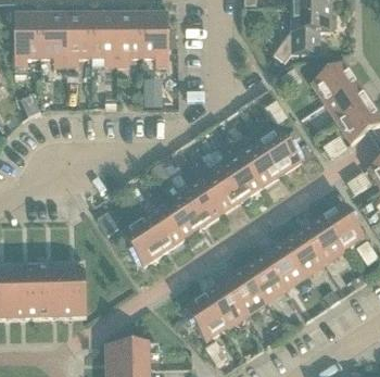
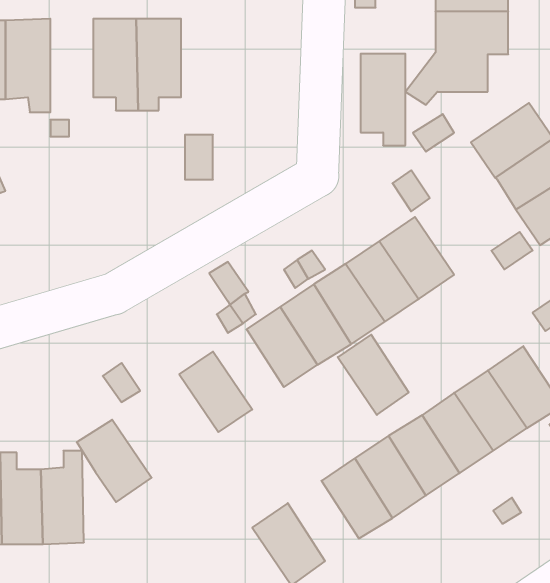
building: [66,12,91,66] -> none
building: [142,12,168,65] -> [361,54,405,145]
building: [161,192,202,239] -> [338,335,409,415]
building: [121,218,164,266] -> [77,420,152,502]
building: [204,280,245,327] -> none

